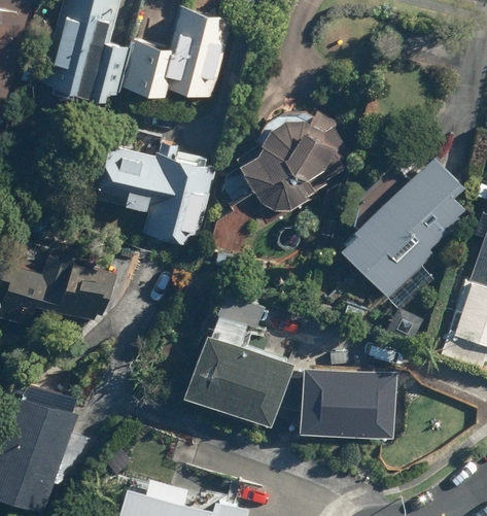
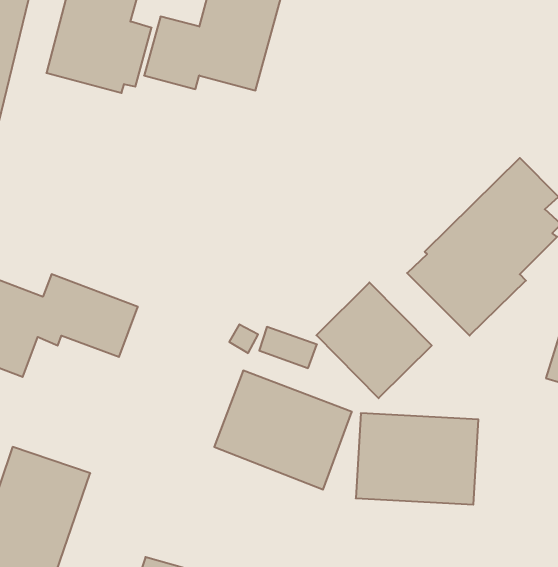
building: [223,113,353,213] -> none
building: [93,146,217,247] -> none
building: none -> [316,282,432,398]

